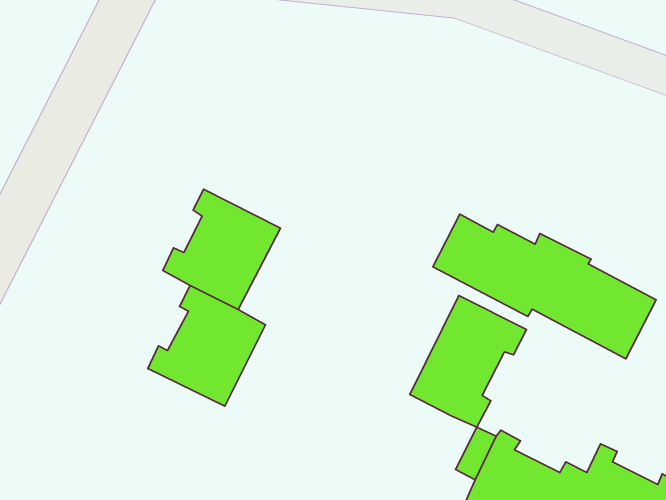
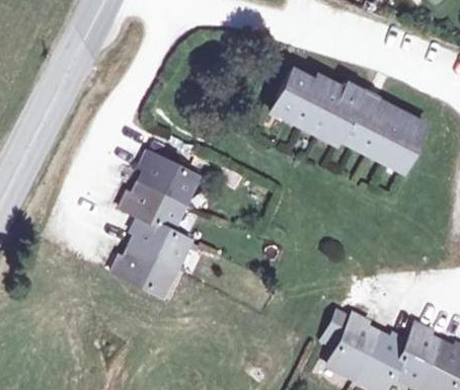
building: [433,214,656,359] -> [277,71,427,168]
building: [410,295,526,427] -> none

